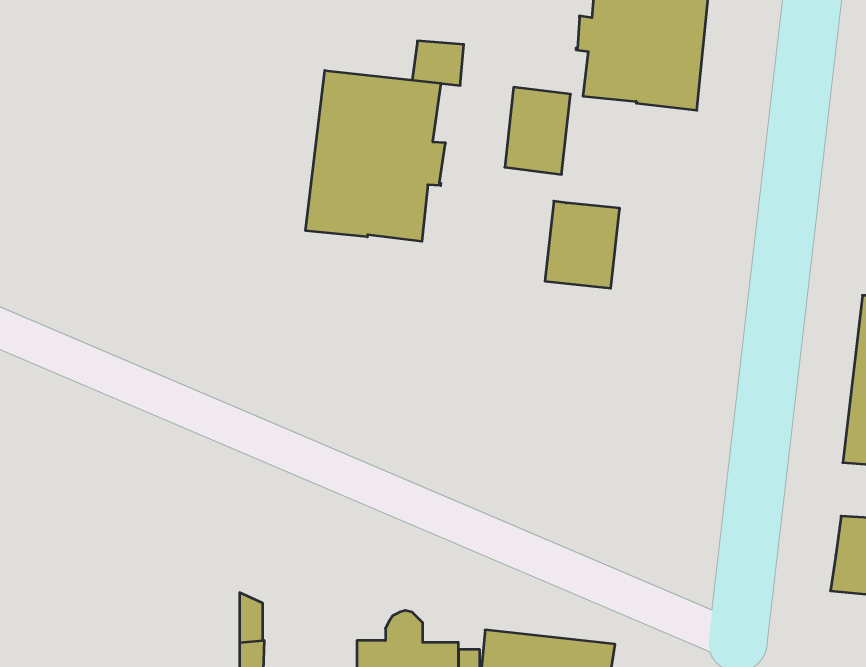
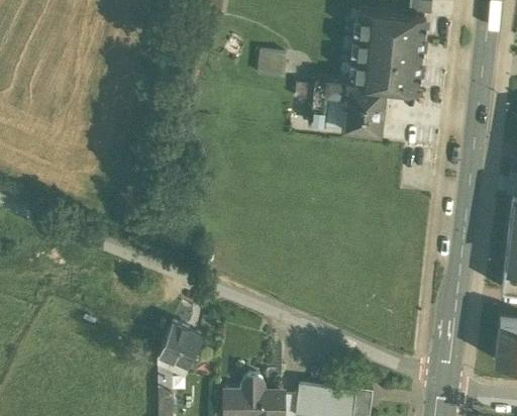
building: [306,70,445,241] -> none
building: [545,201,620,288] -> [342,81,385,130]
building: none -> [161,324,202,368]

